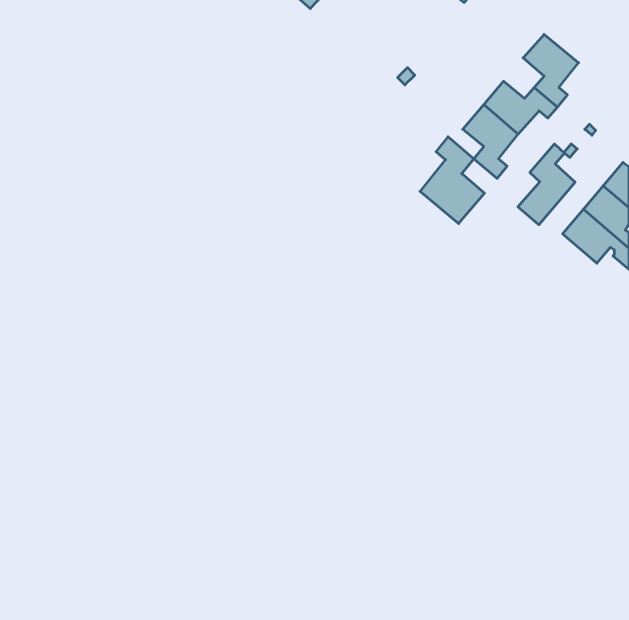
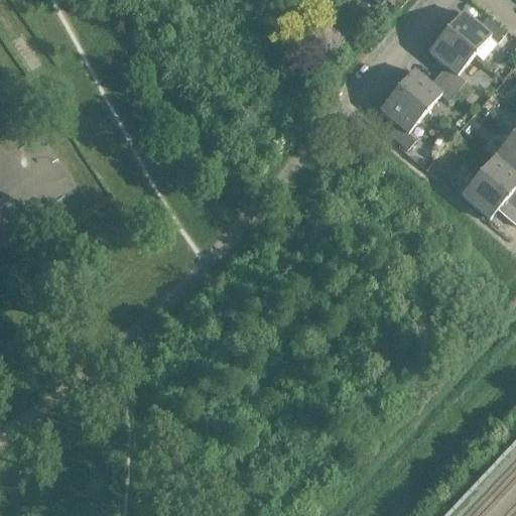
building: none -> [445,8,506,51]
building: [420,137,484,224] -> none
building: [518,144,575,225] -> none

